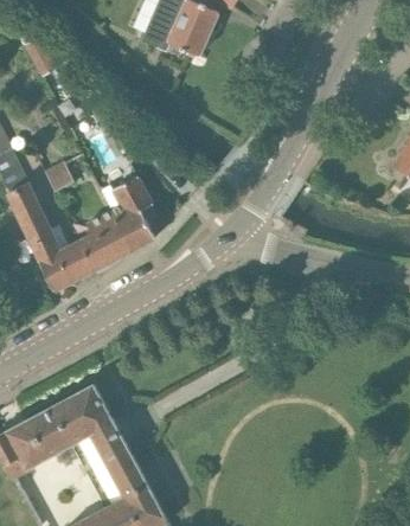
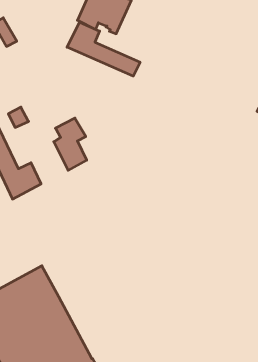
building: none -> [67,22,140,76]
building: [78,211,129,270] -> none

